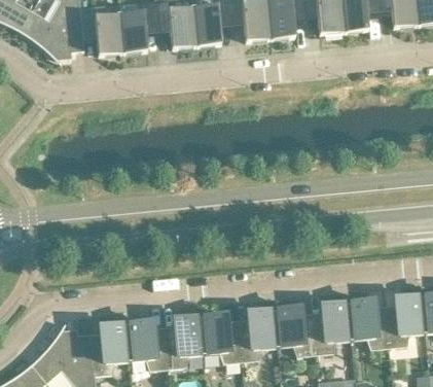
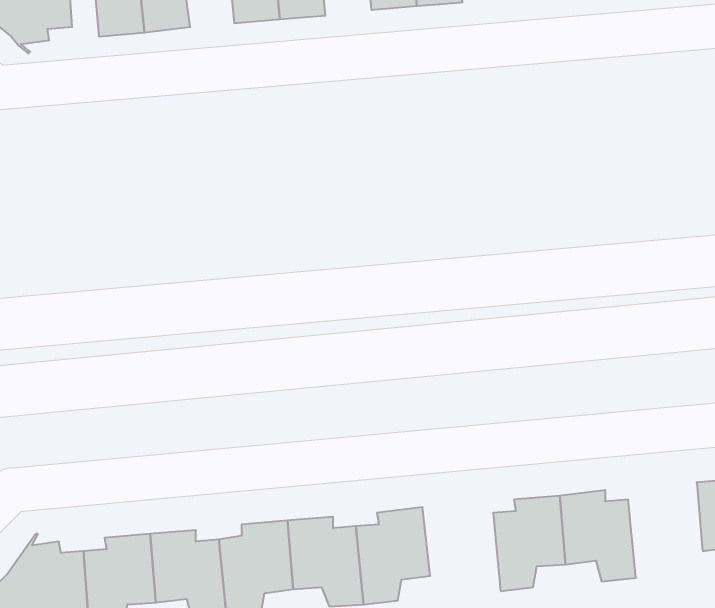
building: [385,295,425,347] -> none
building: [274,307,316,355] -> none

